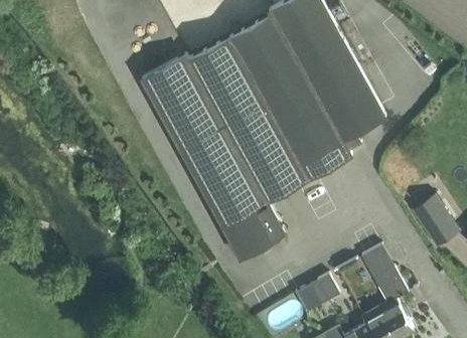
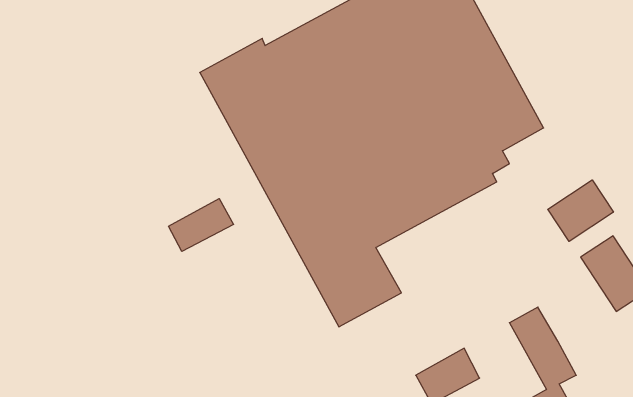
building: none -> [548,180,613,241]
building: none -> [169,199,234,251]

